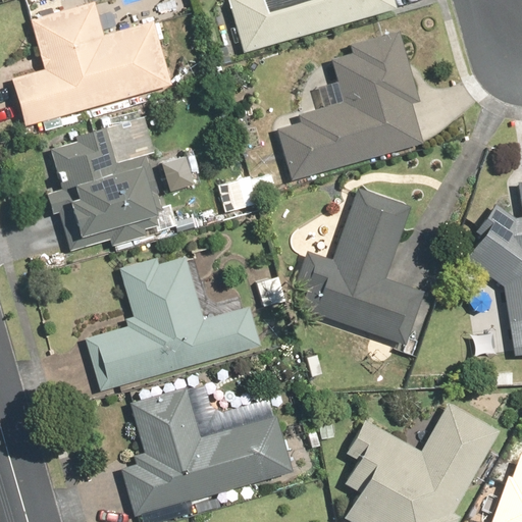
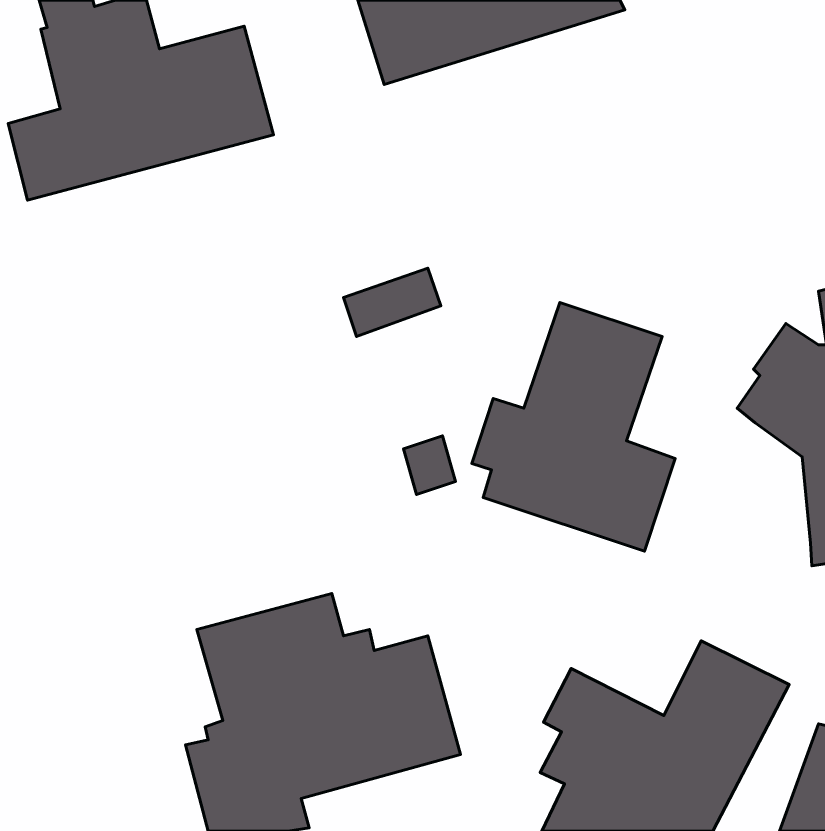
building: [273,31,420,181] -> none
building: [48,113,196,252] -> none
building: [86,256,263,389] -> none

